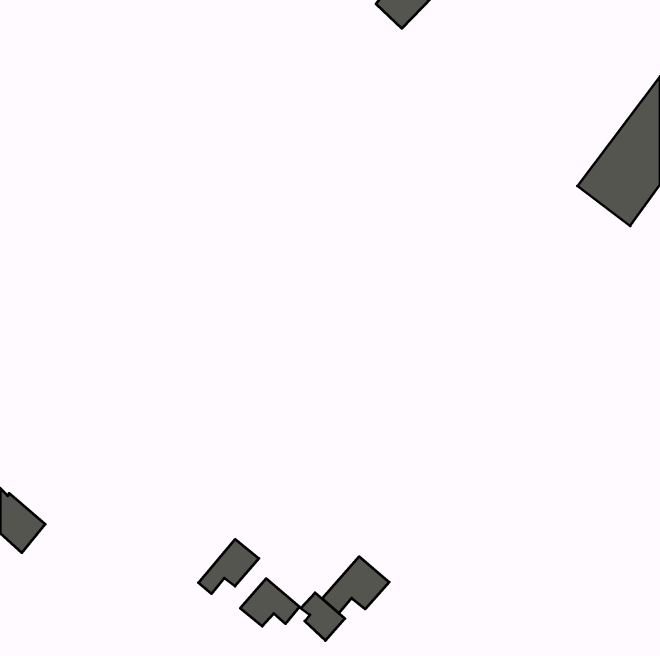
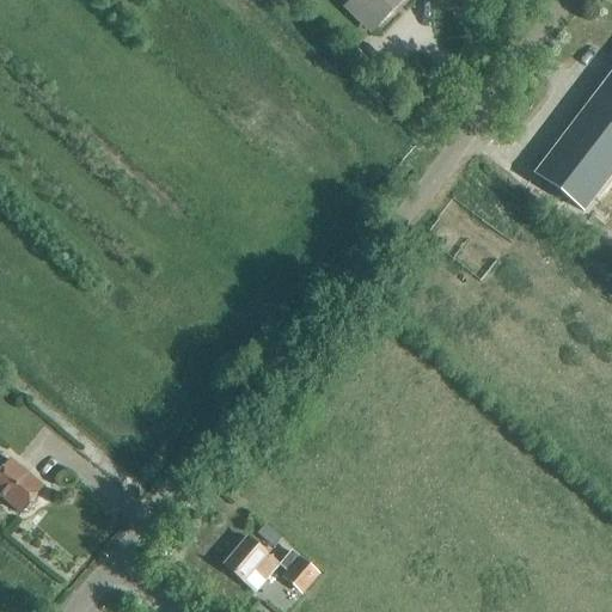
building: [198,539,259,594] -> none
building: [322,557,389,613] -> none

